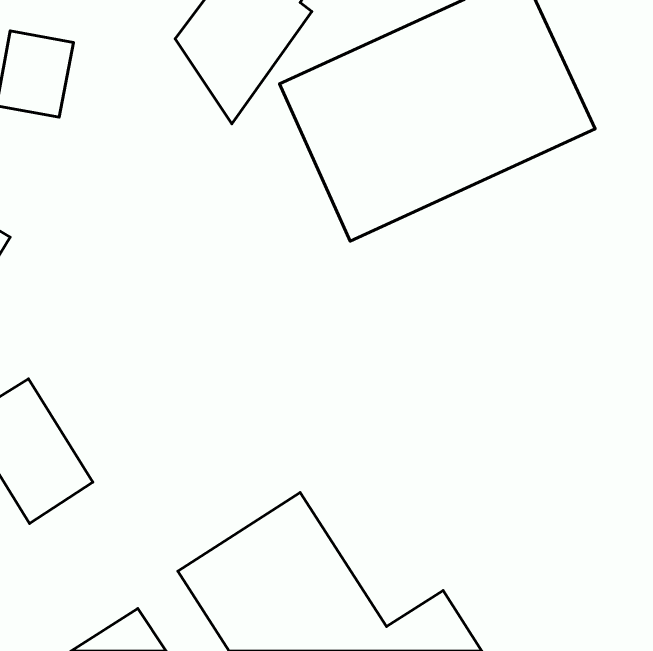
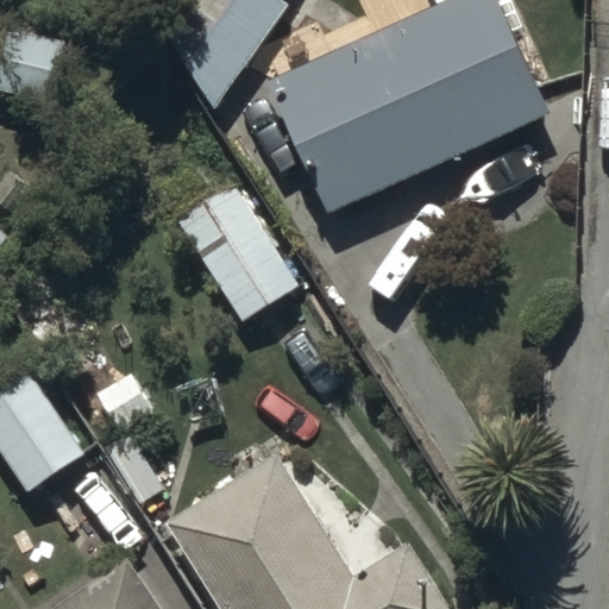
building: none -> [172,182,300,328]

